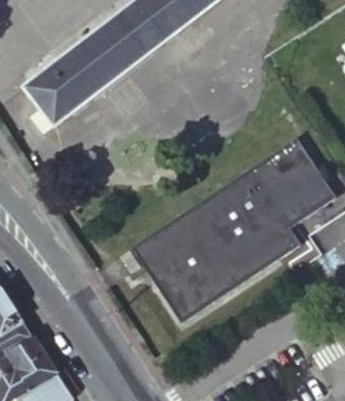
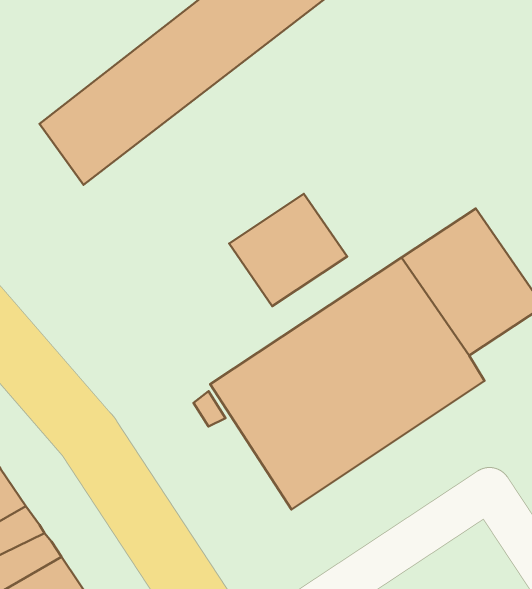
building: none -> [229,194,347,306]

